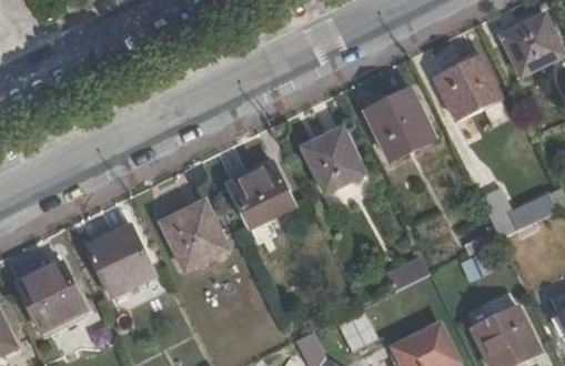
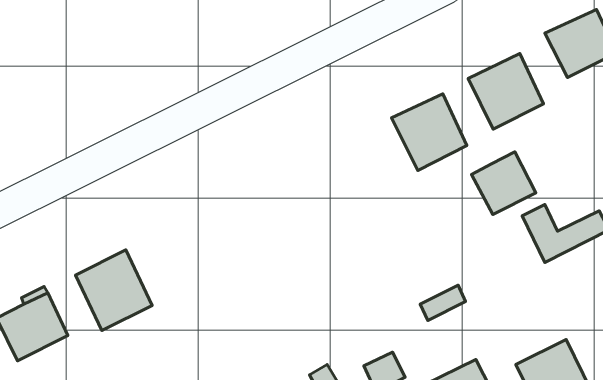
building: [303,129,365,193] -> none
building: none -> [471,152,536,215]
building: [228,160,294,228] -> none
building: [164,203,229,271] -> none

